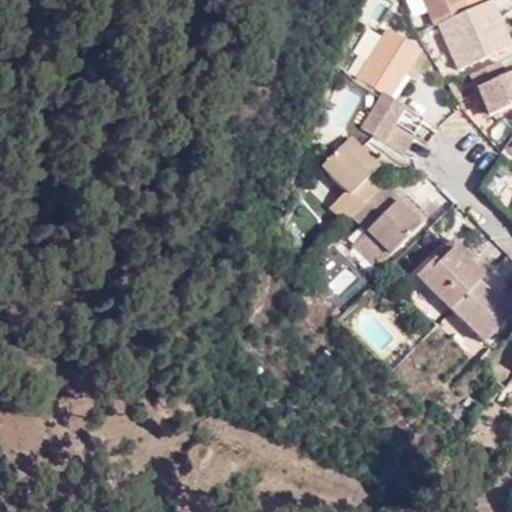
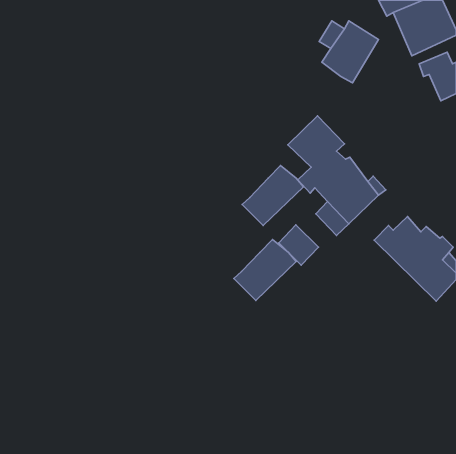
building: [358,91,421,152] -> none
building: none -> [242,165,303,225]
building: none -> [234,239,296,300]

